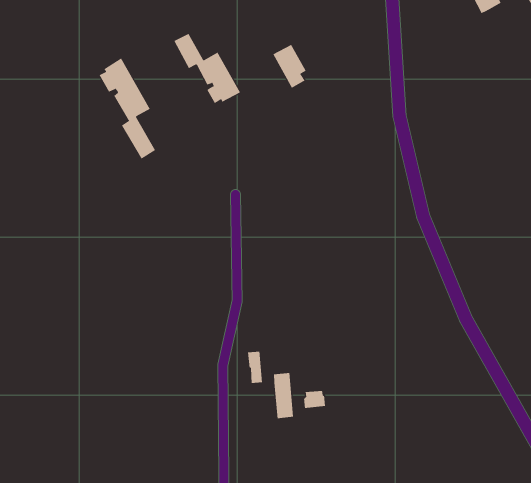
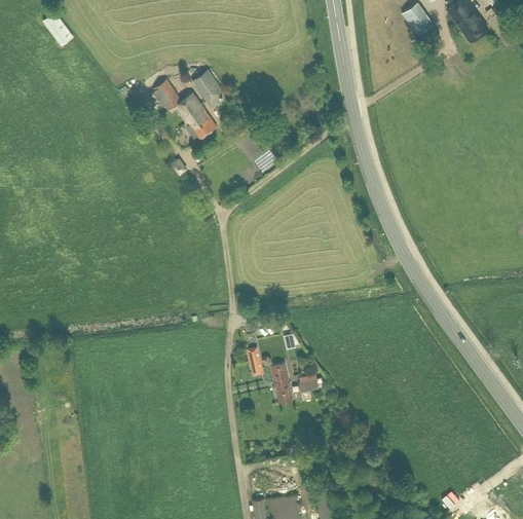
building: [272,44,306,88] -> [192,71,223,109]
building: [99,58,156,160] -> none

